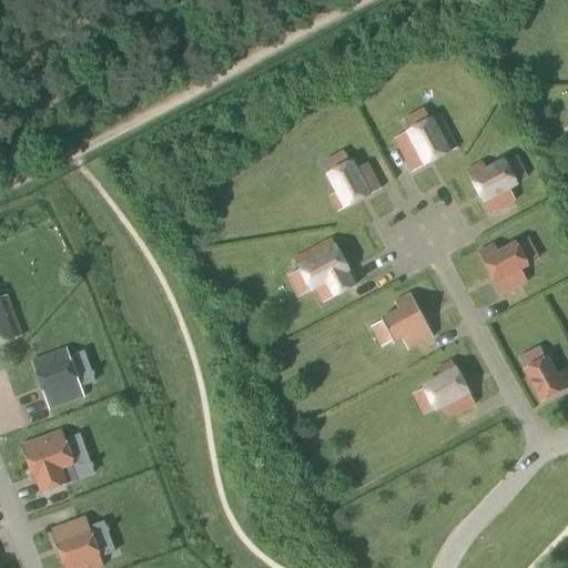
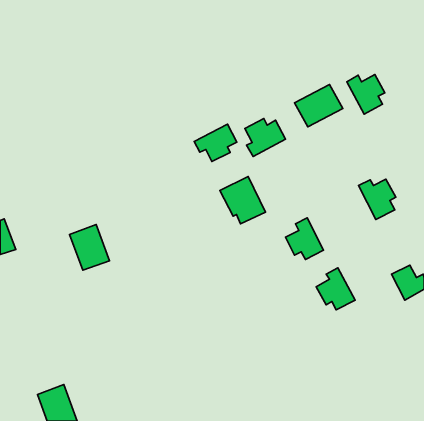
building: [467,158,518,211] -> [347,74,385,114]
building: none -> [194,124,237,162]
building: [31,346,84,407] -> [70,224,109,270]
building: [21,428,78,491] -> none

